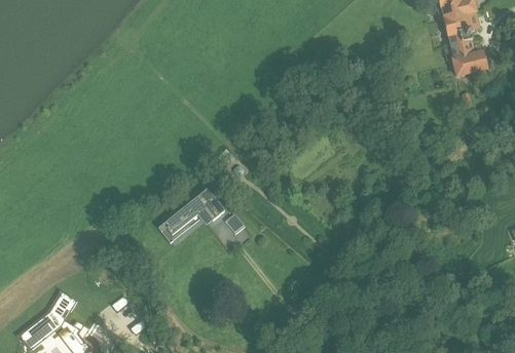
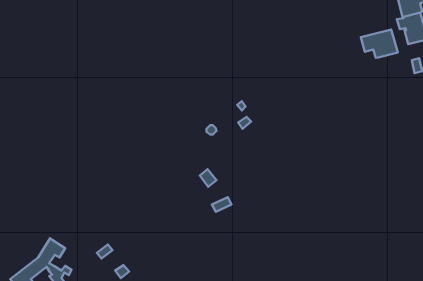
building: none -> [361,30,398,58]
building: [159,189,225,242] -> none

